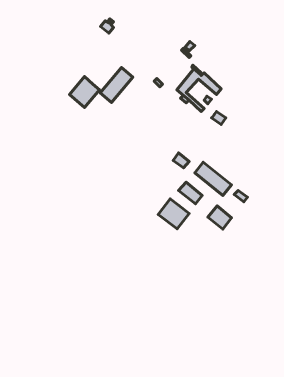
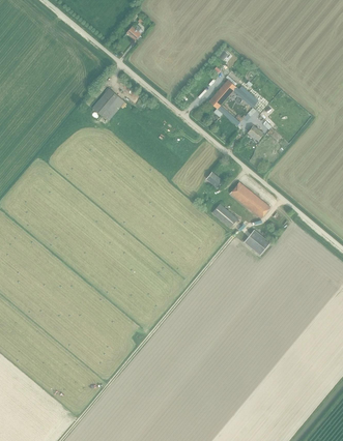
building: [100,68,133,102] -> none
building: [158,199,189,229] -> none

